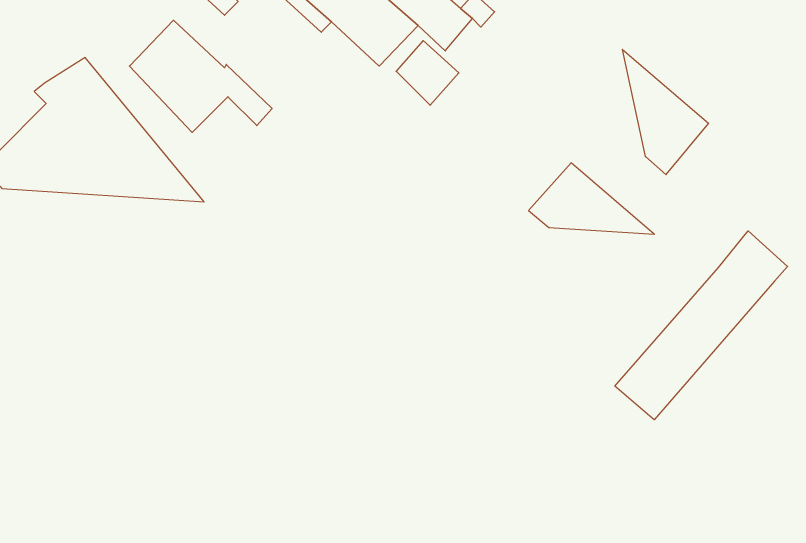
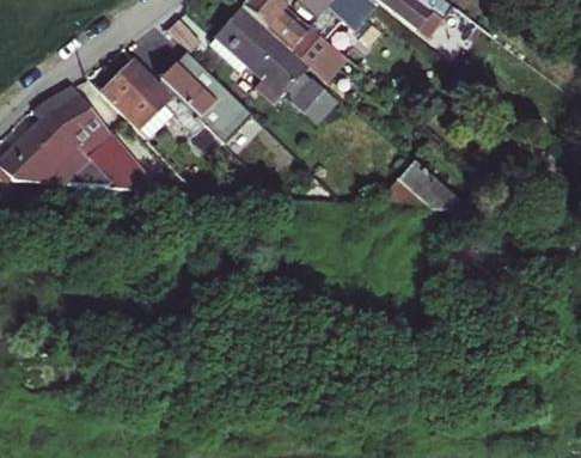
building: none -> [159,60,236,140]
building: [622,49,708,175] -> none
building: [615,231,788,420] -> none

